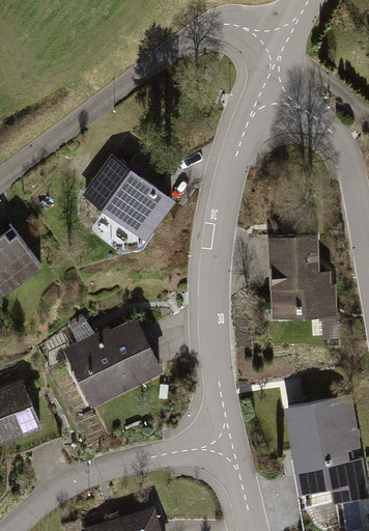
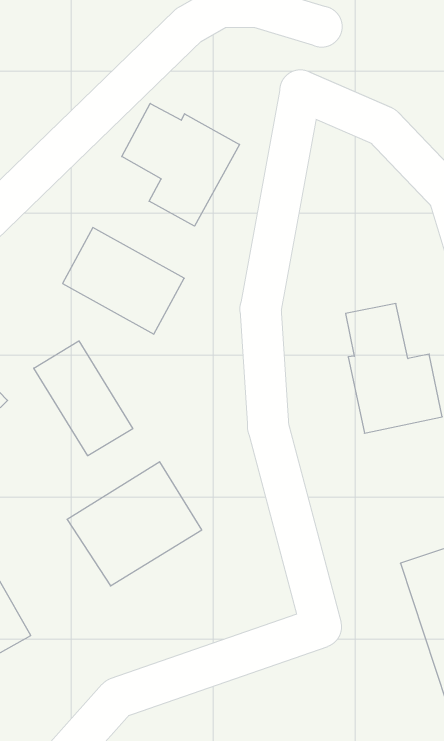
building: none -> [122,103,240,226]
building: none -> [34,341,133,456]

